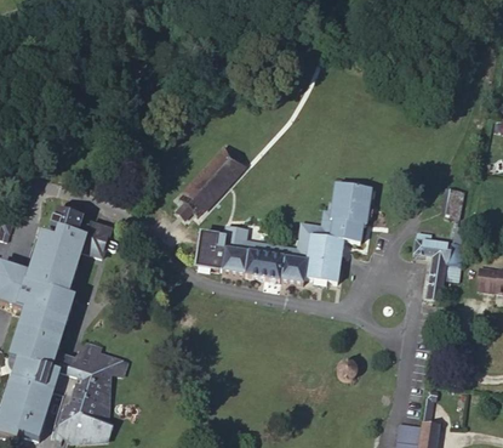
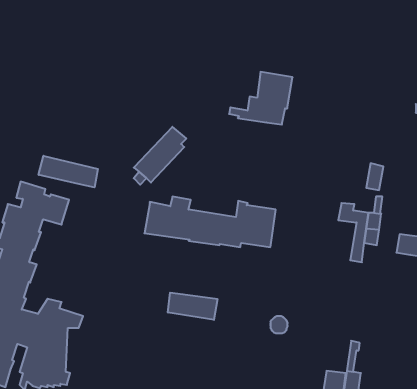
building: none -> [39,156,98,187]
building: [299,183,371,243] -> [229,72,293,125]
building: none -> [168,293,217,320]

